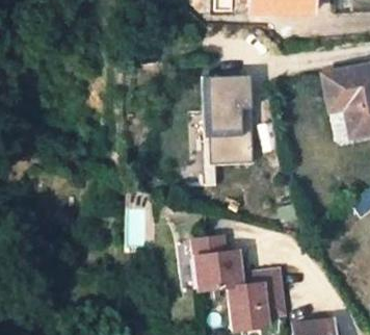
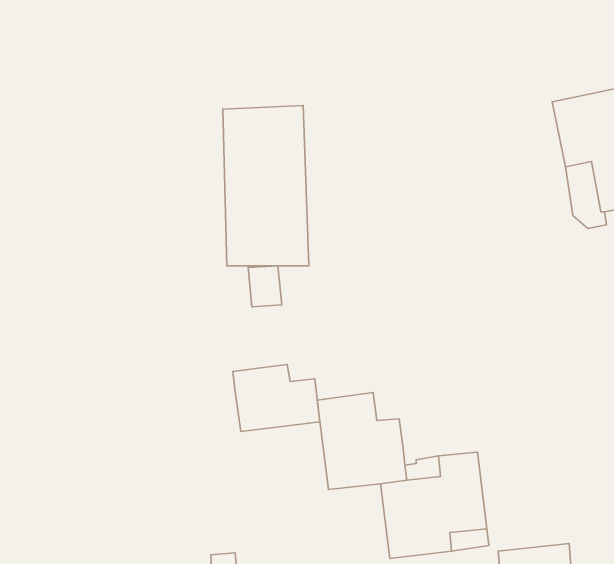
building: [207,73,255,162] -> [223,105,309,266]
building: none -> [233,365,320,432]

